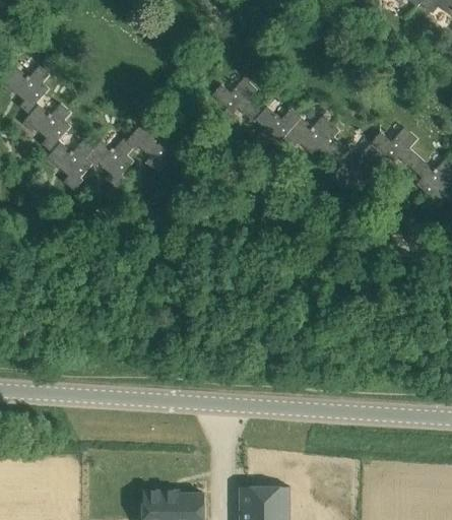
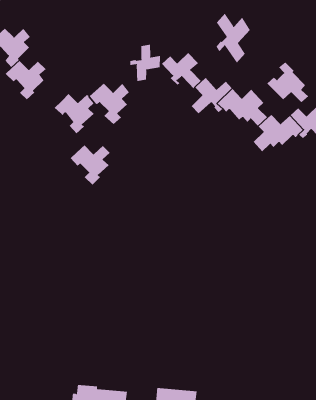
building: none -> [216,13,250,63]
building: none -> [129,44,161,82]
building: none -> [266,61,309,103]
building: [44,142,92,192] -> [70,144,111,186]

